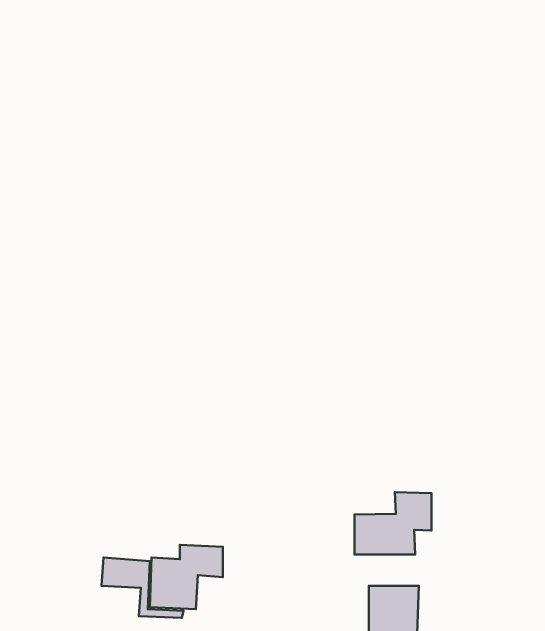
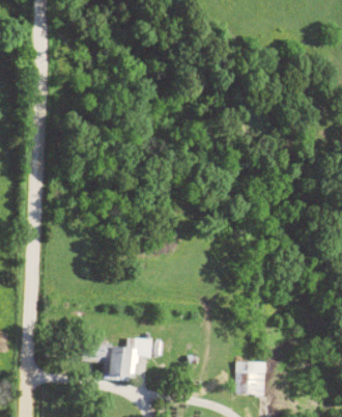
building: [355,492,432,555] -> none

